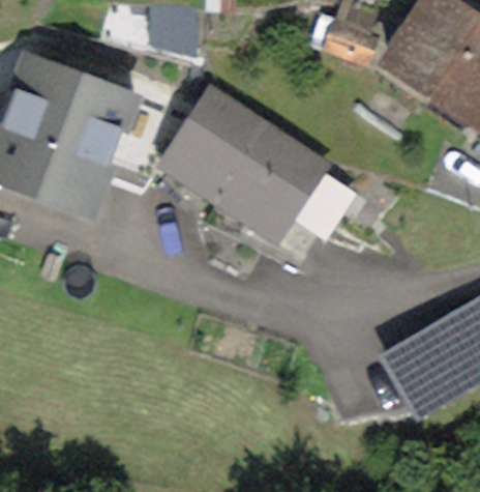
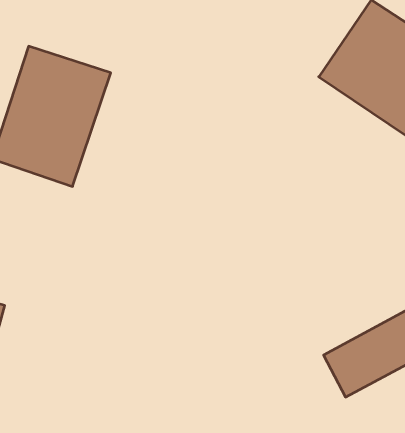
building: [154,97,328,258] -> none

